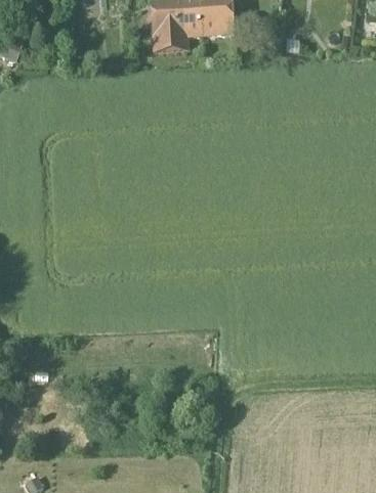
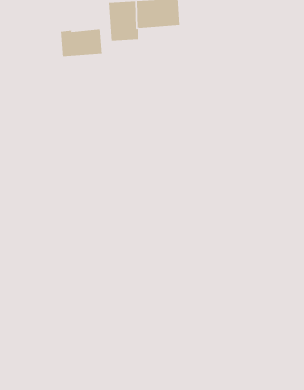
building: none -> [61,29,102,57]

